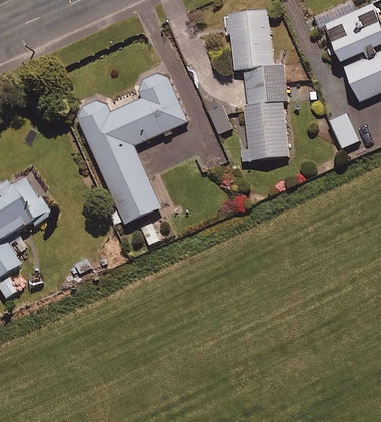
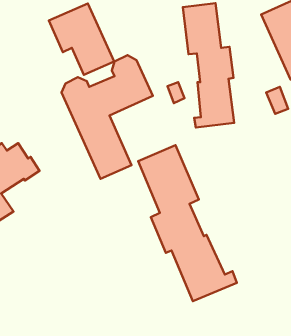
building: none -> [49,3,114,75]
building: none -> [138,145,237,301]

